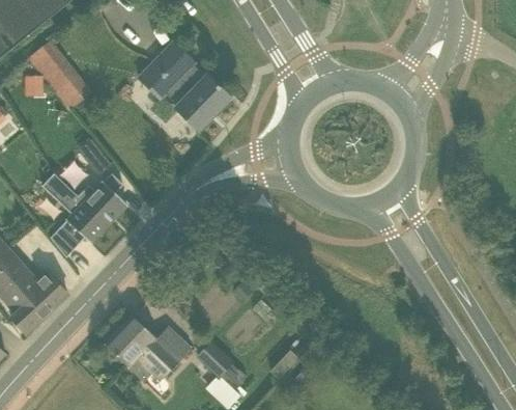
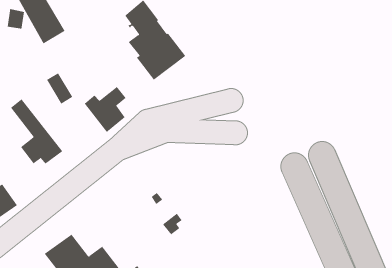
building: [53,171,126,225] -> [65,80,127,133]

